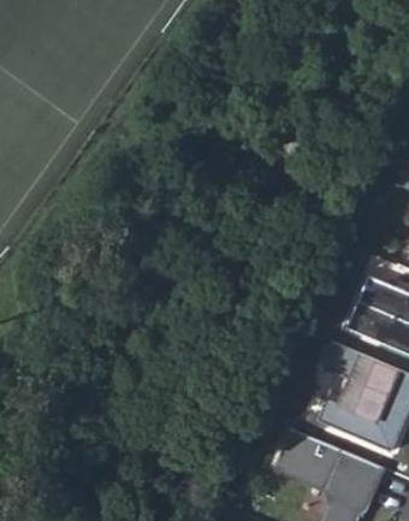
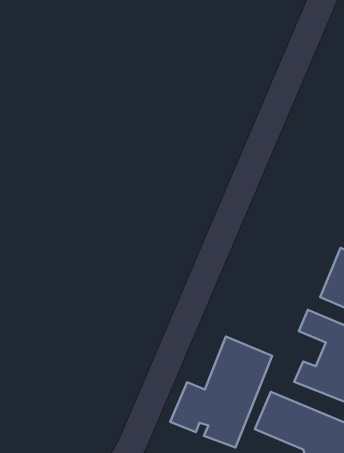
building: none -> [170,337,272,447]

